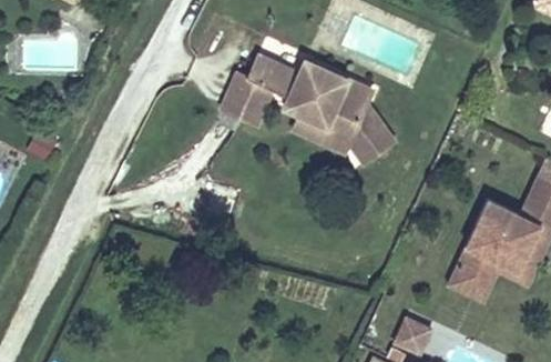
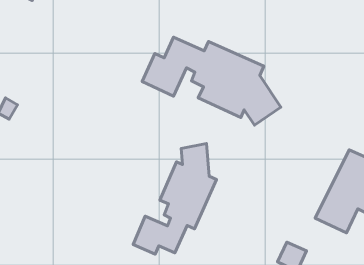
building: none -> [133,143,216,254]

